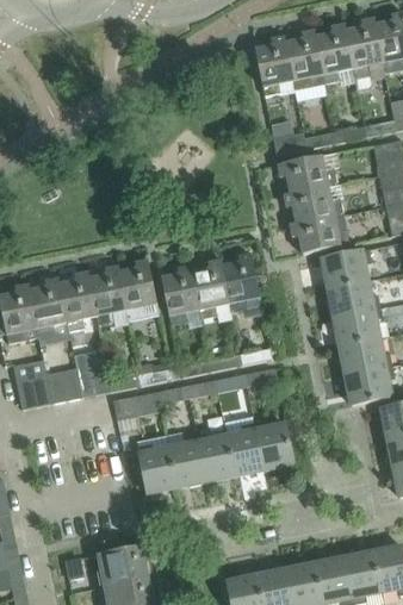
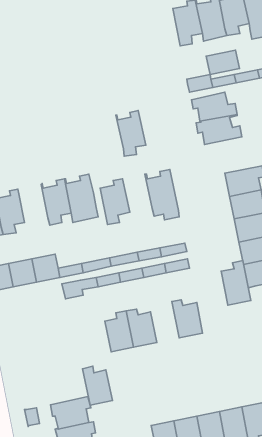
building: none -> [206,50,239,75]
building: [290,212,348,254] -> none
building: [190,260,228,318] -> [116,111,146,156]
building: [56,273,94,339] -> none
building: none -> [221,261,251,305]
building: [225,423,262,475] -> none
building: [137,443,175,493] -> [83,366,112,405]

